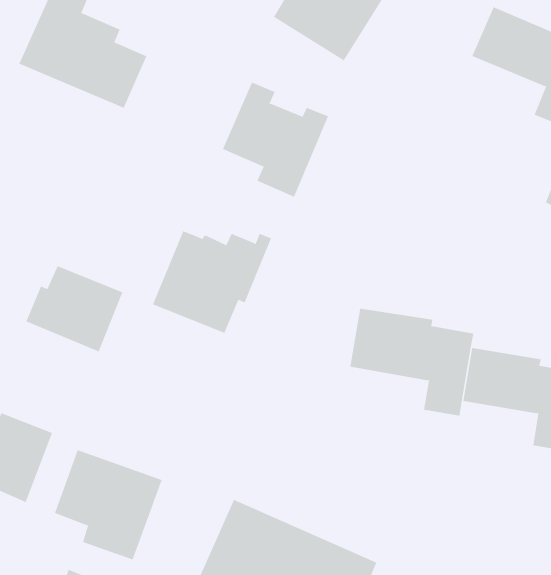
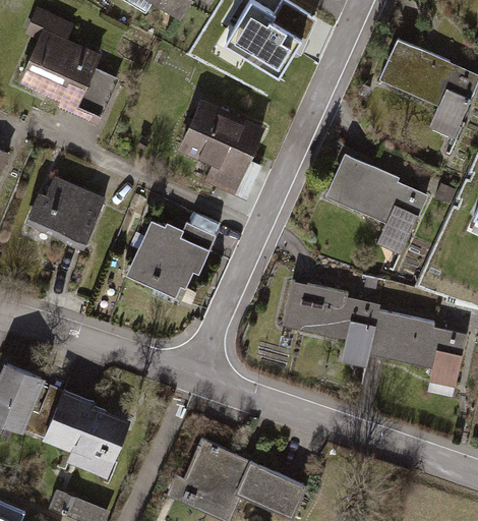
building: none -> [327,154,431,256]
building: [25,266,123,352] -> [27,178,106,247]

